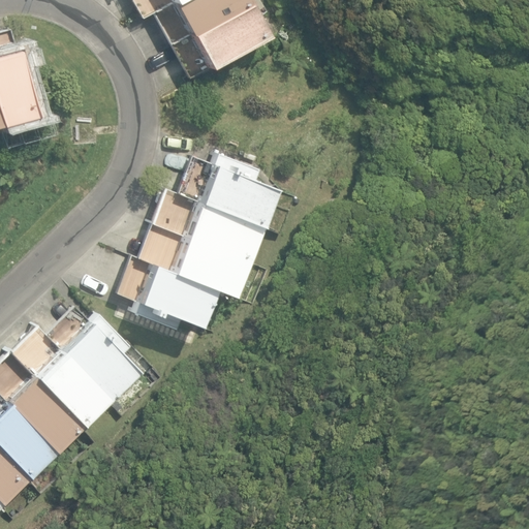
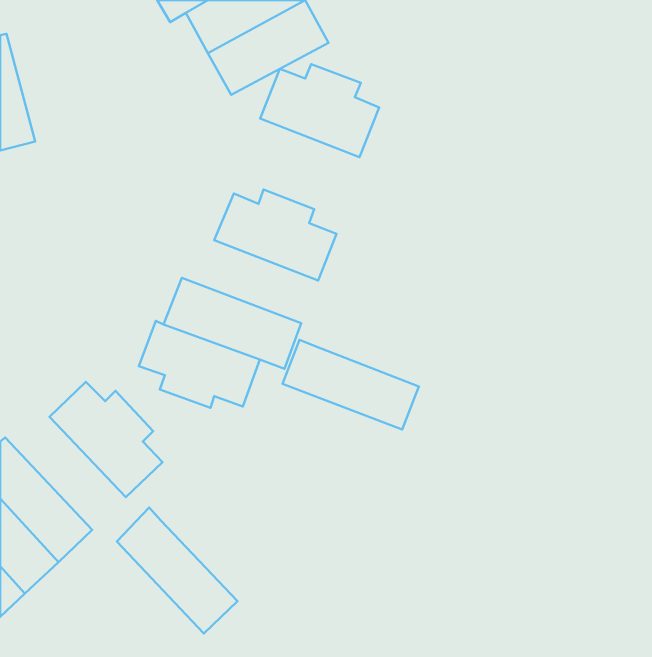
building: none -> [260,64,379,157]
building: [154,191,262,262] -> [283,340,419,429]
building: [13,326,110,427] -> [117,508,237,634]

